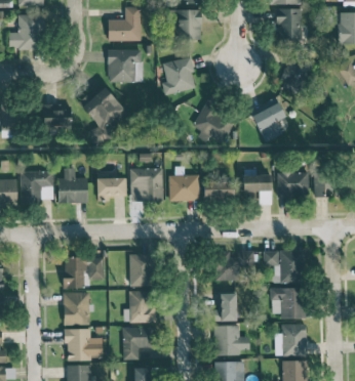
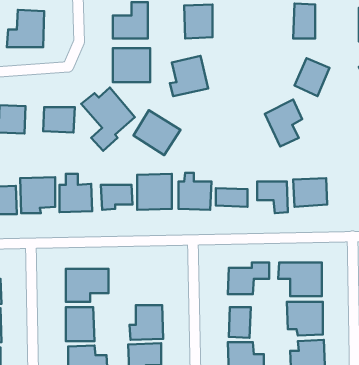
building: [193,101,237,143] -> [134,110,181,155]
building: [313,172,333,197] -> none
building: [129,254,152,287] -> none

